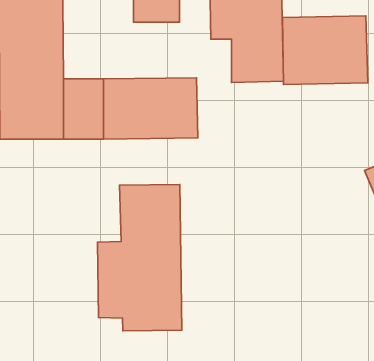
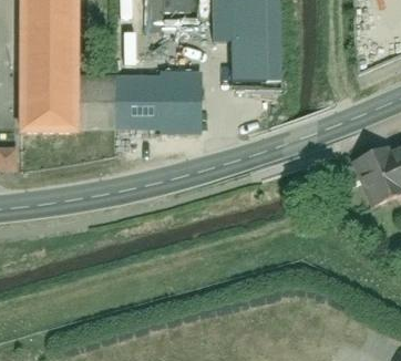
building: [282,16,368,84] -> none
building: [97,184,182,331] -> none

